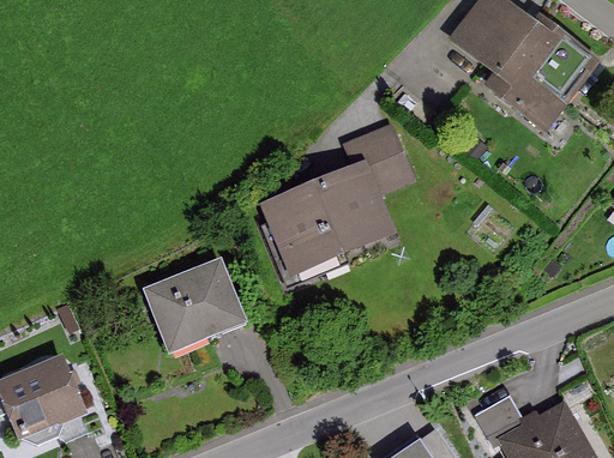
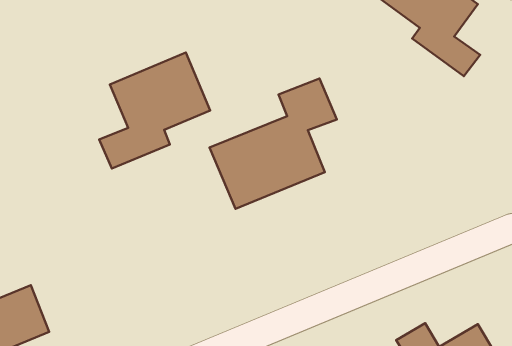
building: none -> [99,52,210,169]
building: [146,258,247,352] -> none

